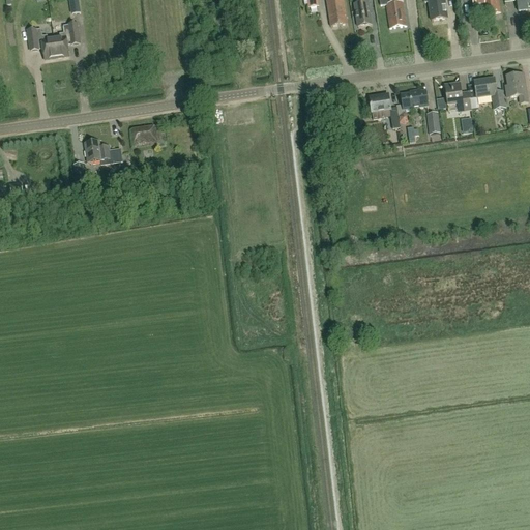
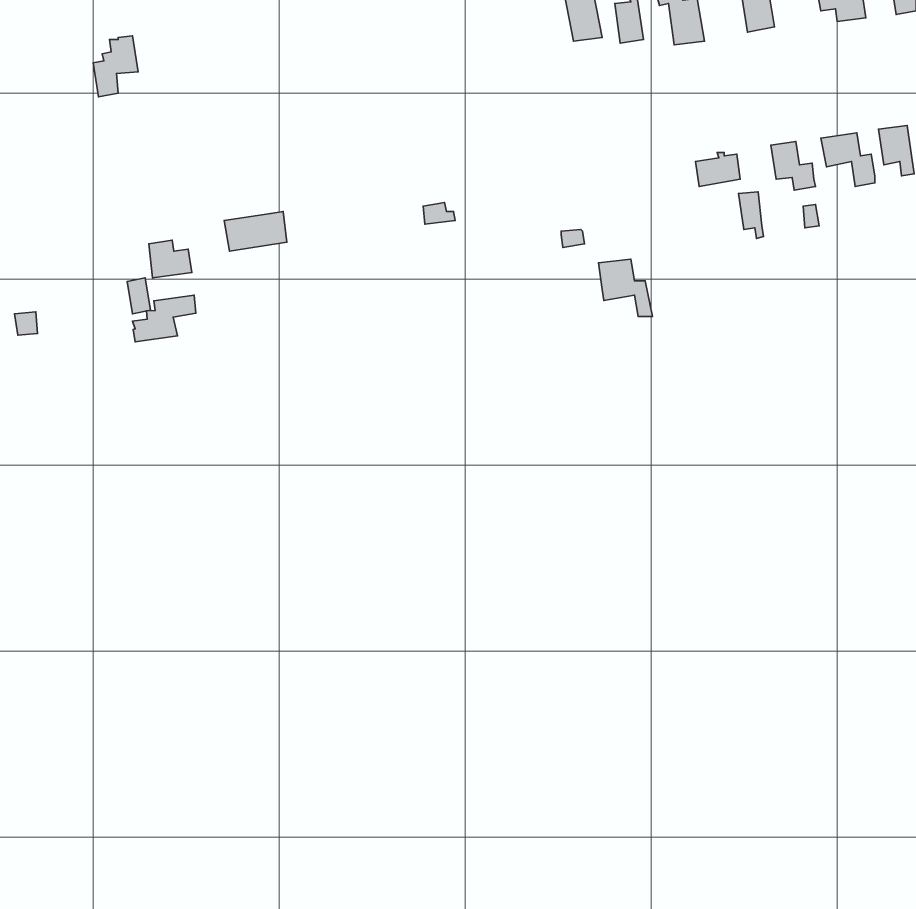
building: [28,27,57,57] -> none
building: [370,93,401,126] -> [599,259,652,317]
building: none -> [132,295,196,342]

